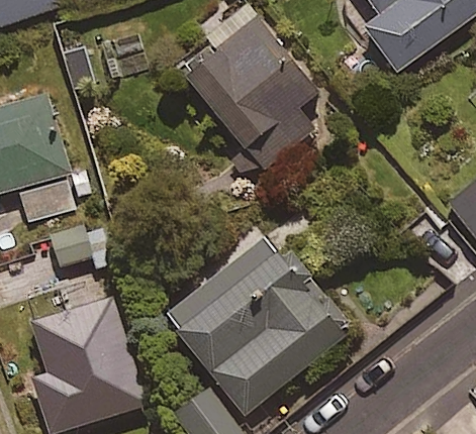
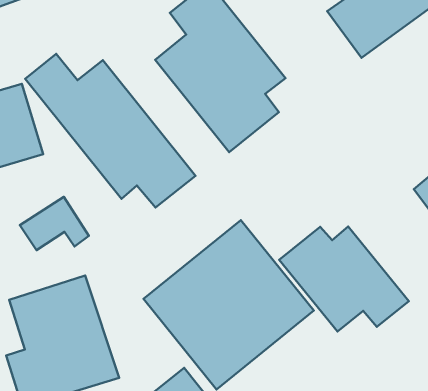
building: none -> [25,54,195,207]
building: none -> [279,227,409,331]

